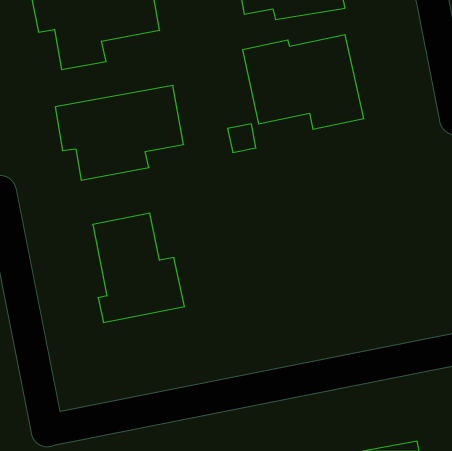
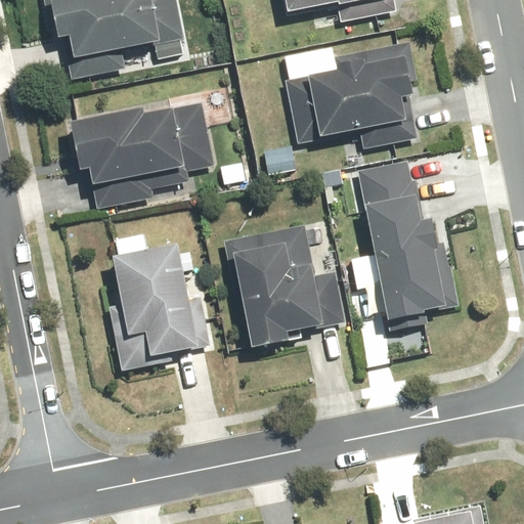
building: none -> [355,156,462,347]
building: none -> [224,222,349,352]

